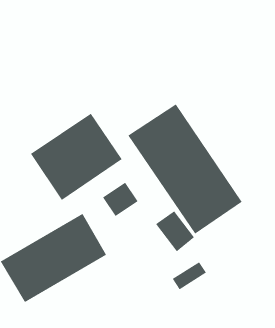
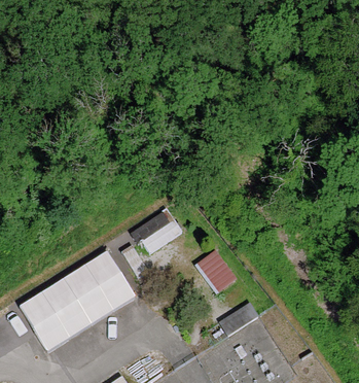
building: [127,103,242,234] -> none
building: [30,113,122,201] -> none

